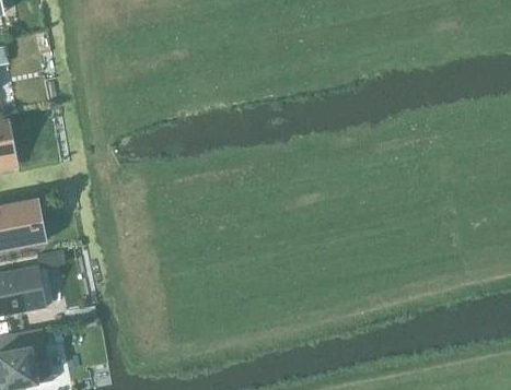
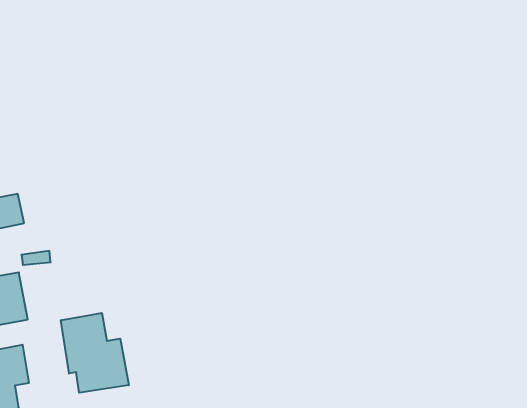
building: none -> [61,313,129,393]

